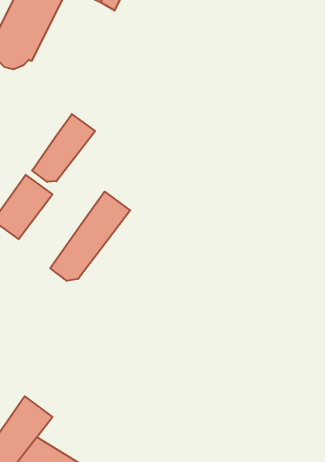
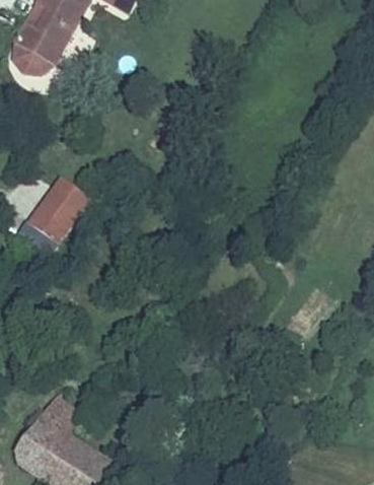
building: [32,114,95,182] -> none
building: [50,192,130,281] -> none

